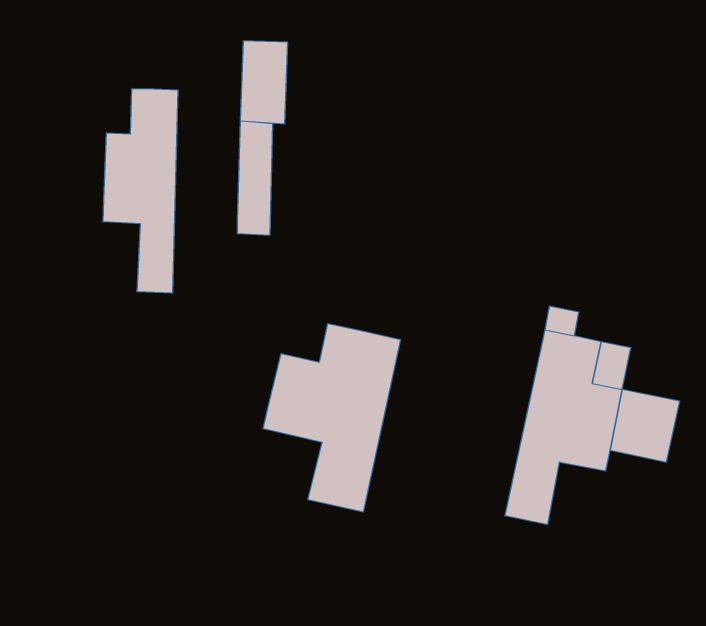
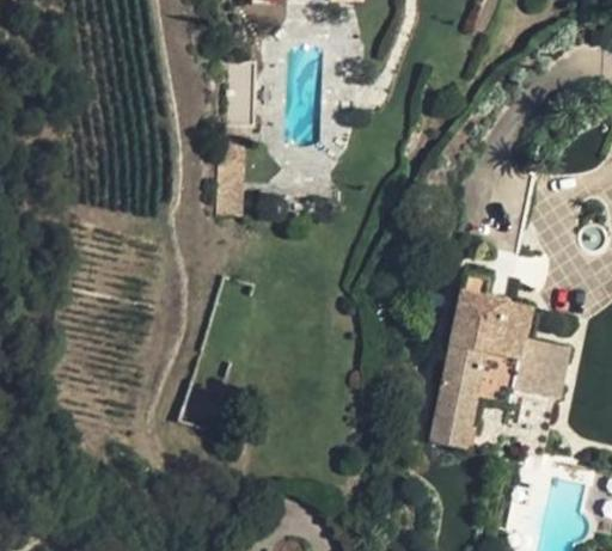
building: [103,88,178,293] -> none
building: [263,324,401,512] -> none

